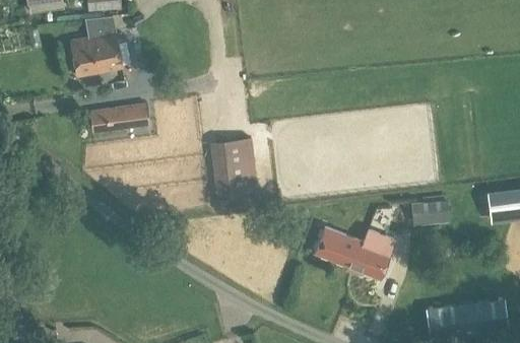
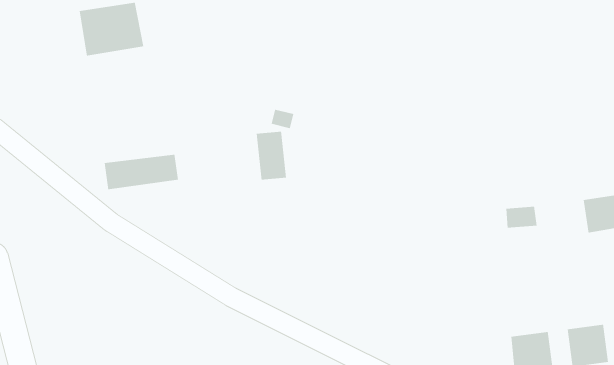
building: [89,104,151,133] -> [104,154,179,190]
building: [316,227,393,277] -> none

